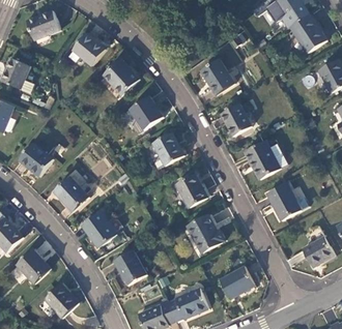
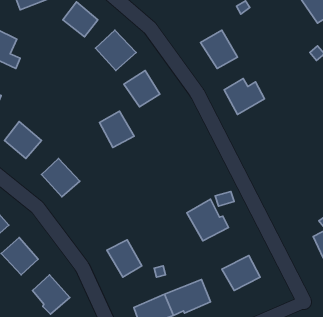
building: [153,131,186,164] -> [99,111,134,147]
building: [247,140,287,178] -> none
building: [176,173,208,206] -> none
building: [267,181,302,220] -> none
building: [83,210,117,247] -> none

